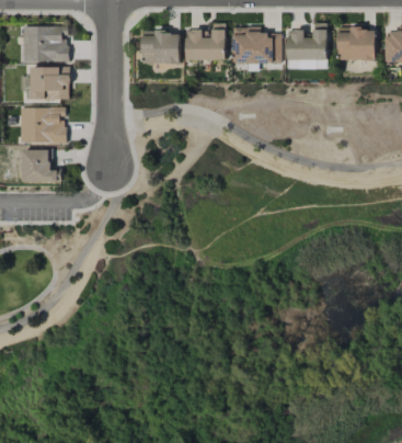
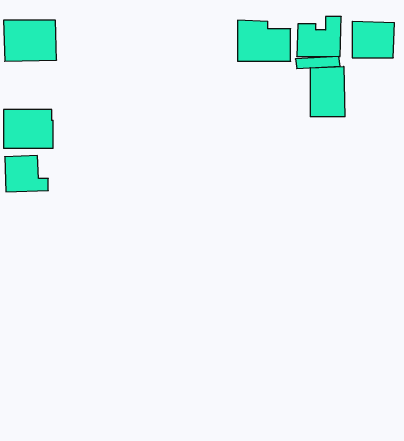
building: [186,23,227,60] -> none
building: [141,31,181,64] -> none
building: [31,67,70,100] -> none
building: none -> [310,66,345,117]

